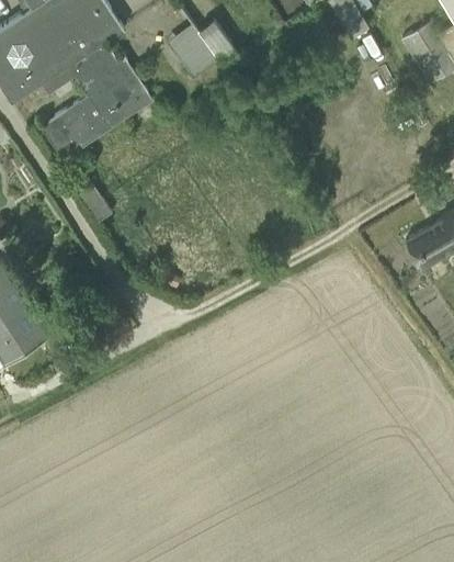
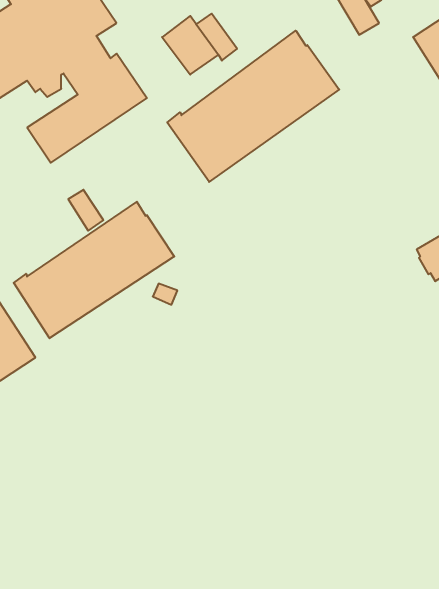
building: none -> [167,31,339,182]
building: none -> [14,202,174,338]

